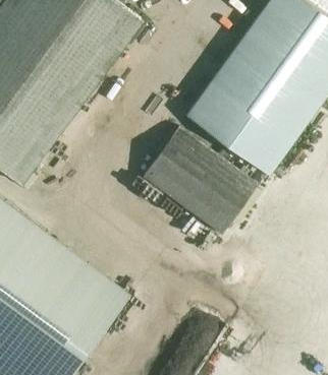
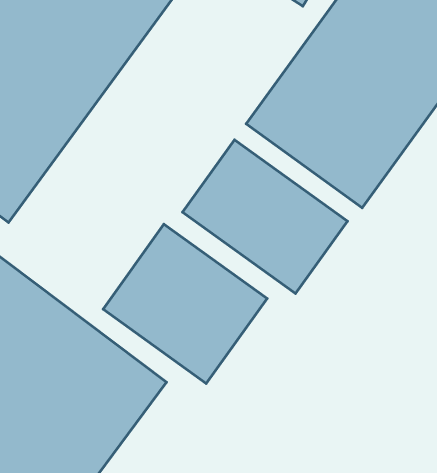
building: none -> [103,224,267,383]

